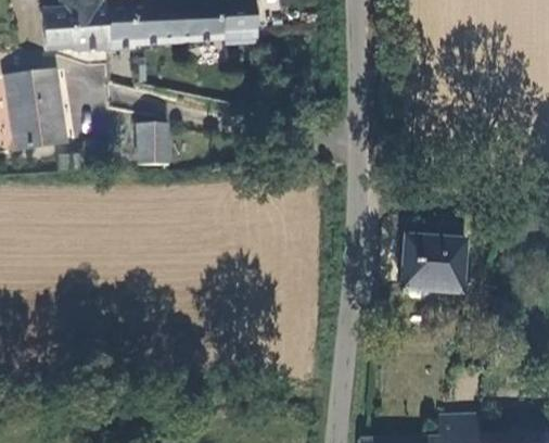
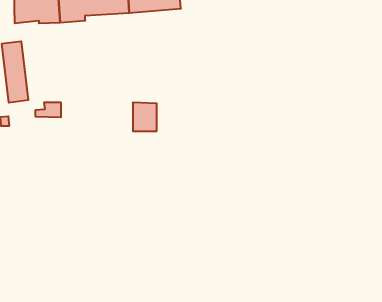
building: [138,125,168,161] -> [133,103,157,131]
building: [404,235,464,292] -> none

